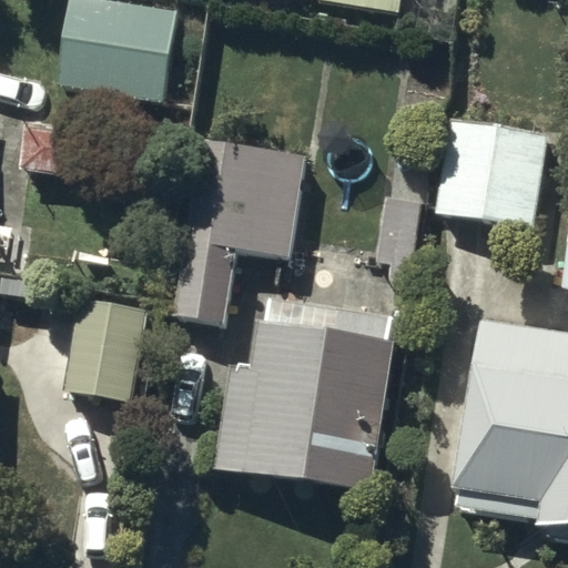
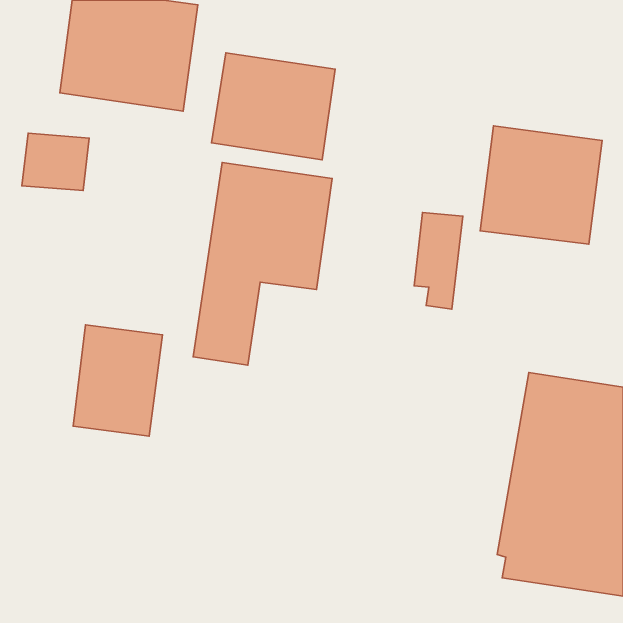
building: none -> [212,53,335,160]
building: [215,293,394,486] -> none

